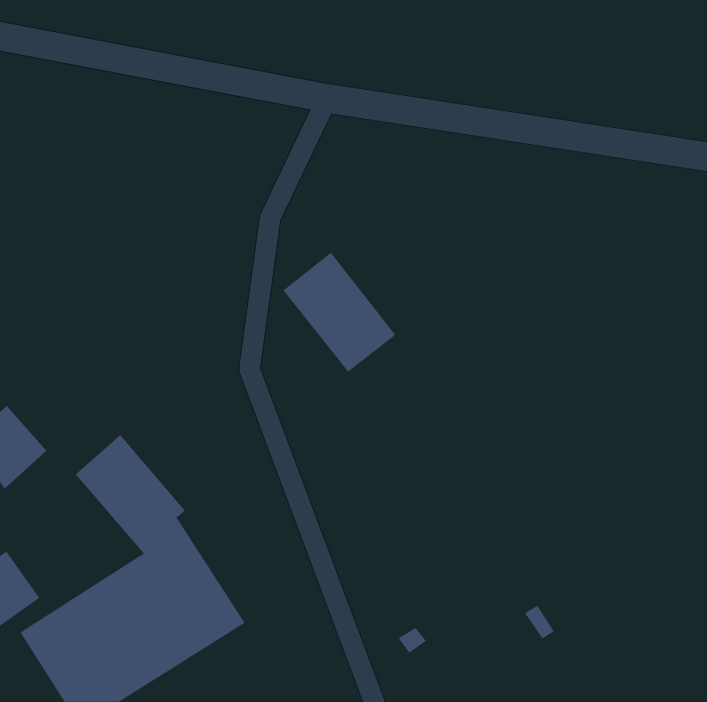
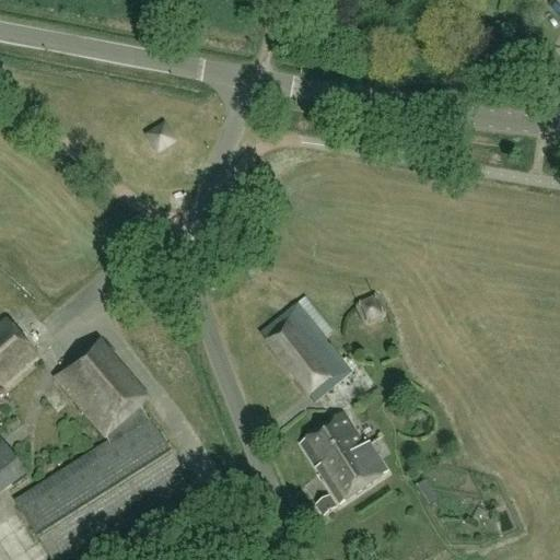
building: [283,252,396,372] -> [259,302,349,397]
building: none -> [300,412,386,501]

